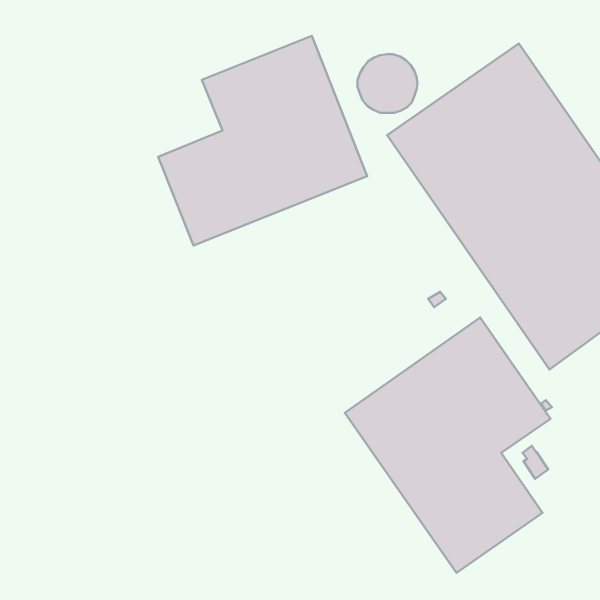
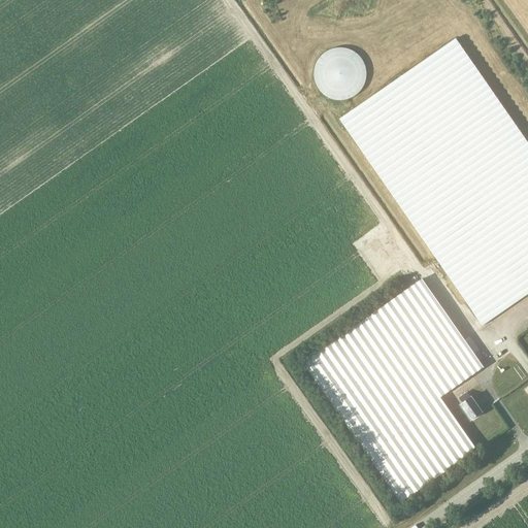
building: [158,36,367,246] -> none

